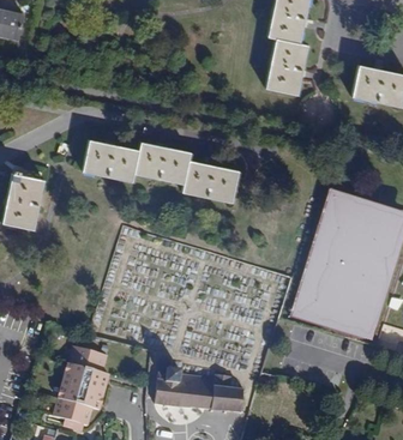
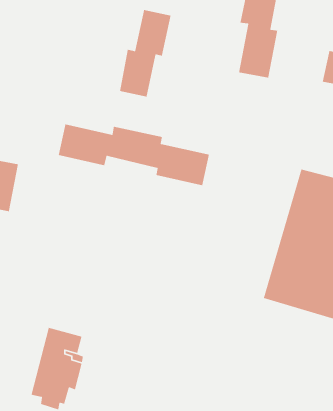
building: none -> [119,9,171,98]
building: [155,368,243,412] -> none

